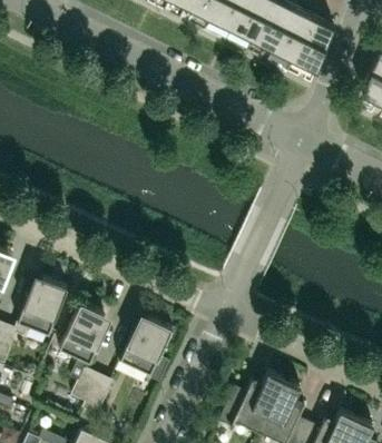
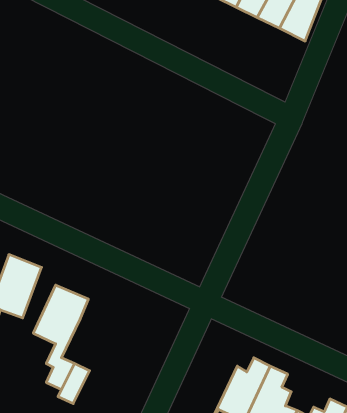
building: [120,313,173,383] -> none

